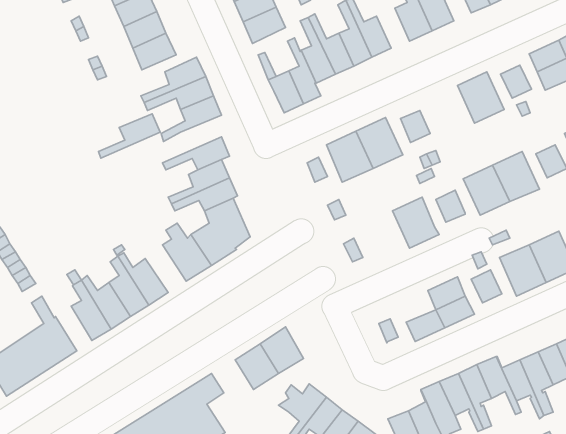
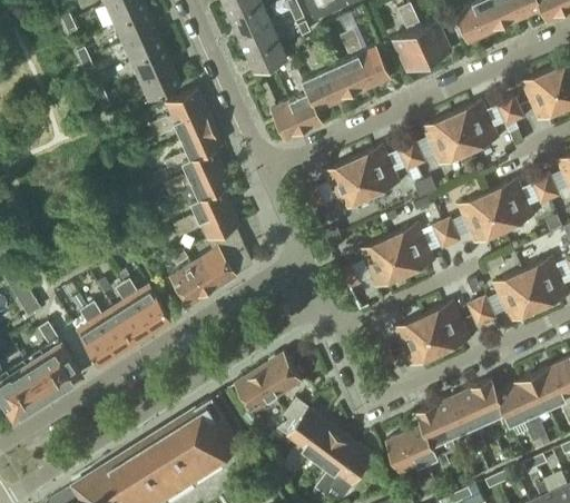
building: none -> [425,115,471,165]
building: [99,114,160,158] -> [164,147,224,190]
building: none -> [362,237,407,287]
building: none -> [396,315,433,346]

